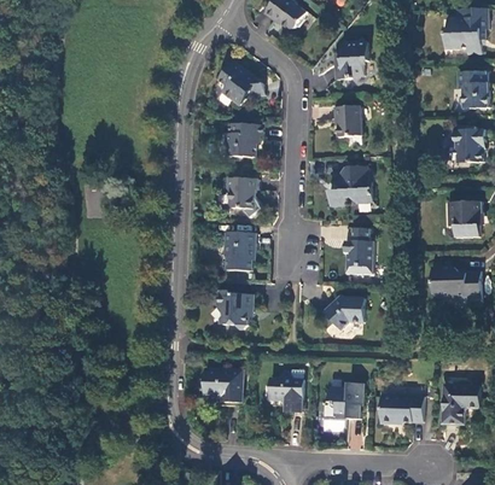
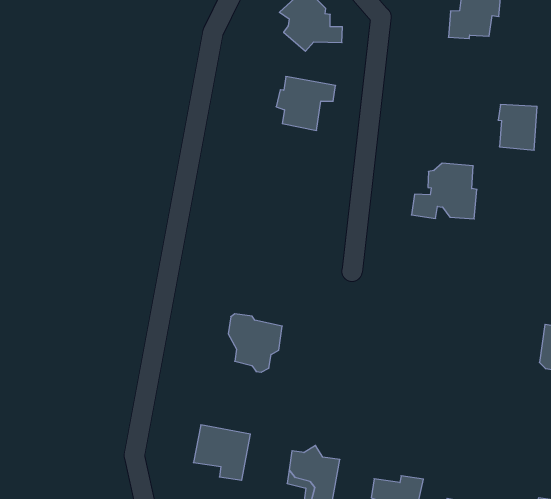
building: [334,105,362,136] -> [498,105,537,150]
building: [227,177,257,209] -> none
building: [344,228,373,274] -> none
building: [225,232,255,270] -> none
building: [325,298,365,329] -> none

